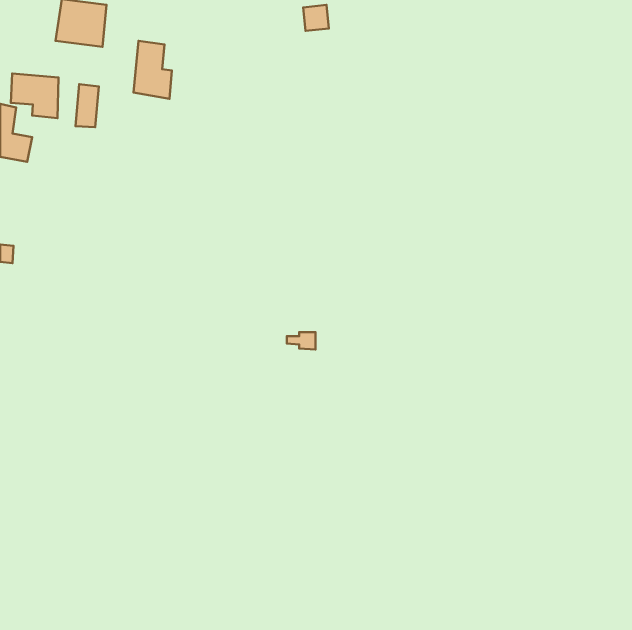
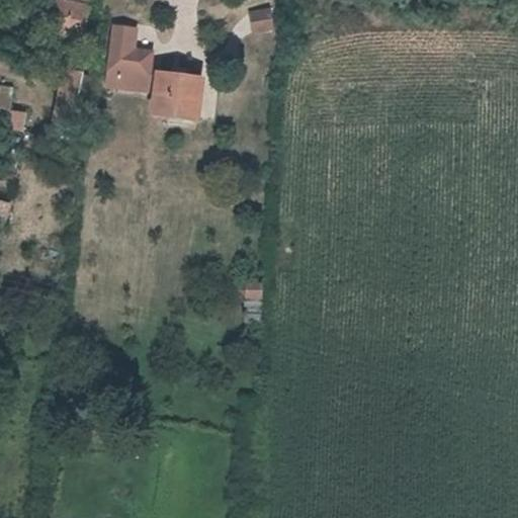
building: [11,73,59,118] -> none
building: none -> [152,69,199,117]

